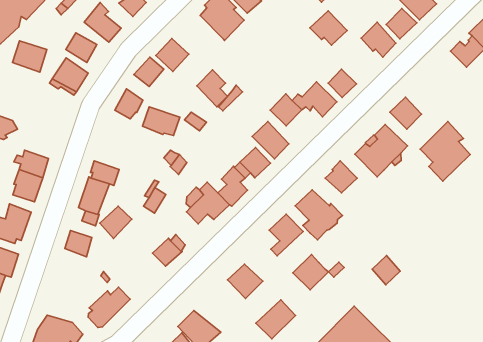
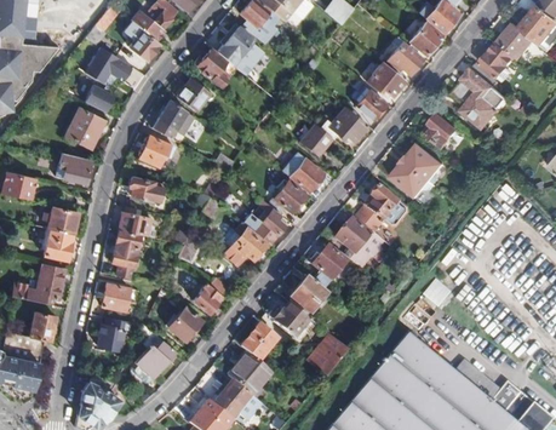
building: [310,11,347,45] -> [366,61,405,96]
building: [13,41,47,72] -> [57,154,91,184]
building: [197,70,227,107] -> [196,48,229,86]
building: [143,107,180,135] -> [127,177,165,203]
building: [420,121,470,181] -> [452,63,504,125]
building: [100,206,132,239] -> [170,309,202,343]
building: [293,255,328,290] -> [290,276,326,313]
building: none -> [96,316,127,350]
building: none -> [242,323,277,360]

